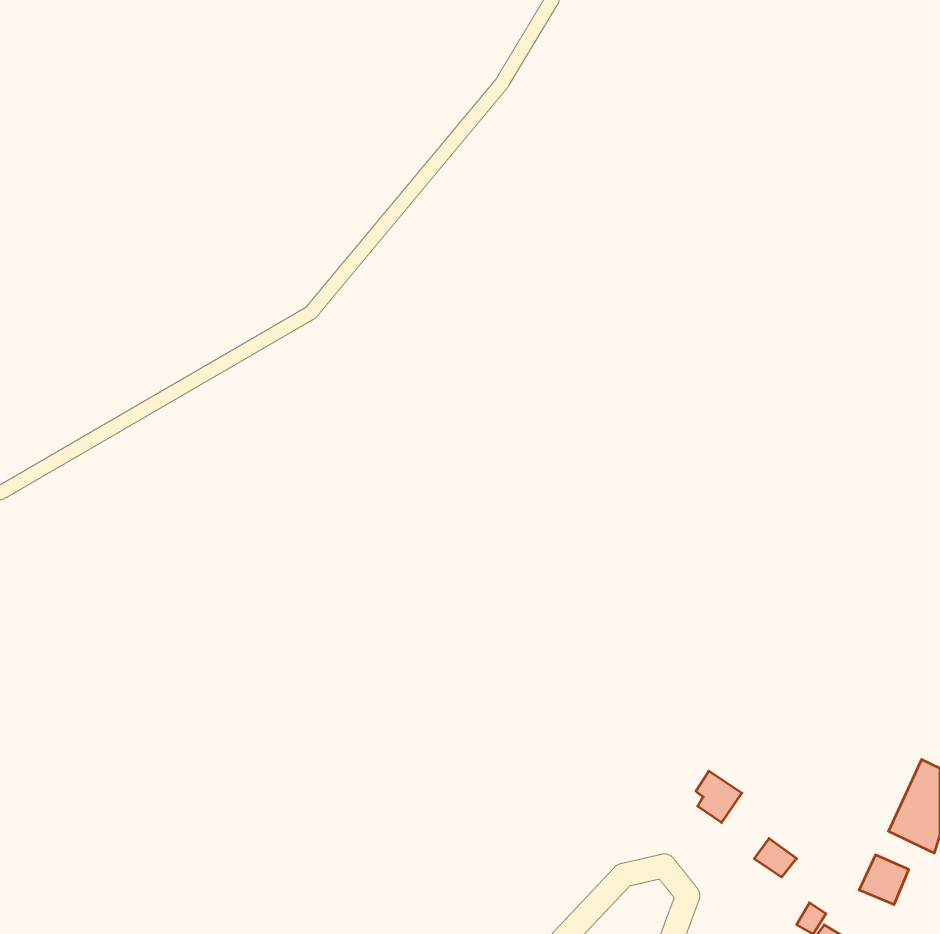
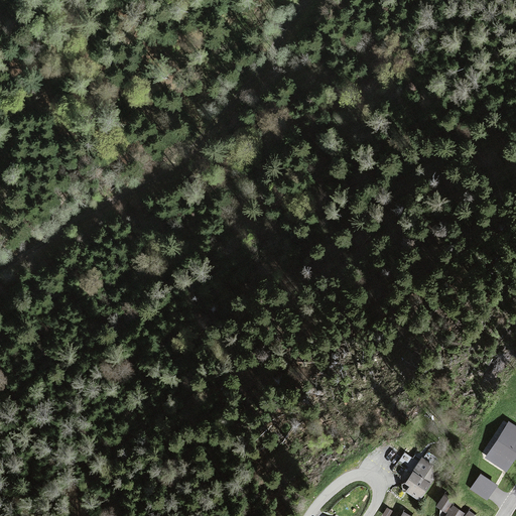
building: [696,771,742,823] -> [404,475,429,503]

